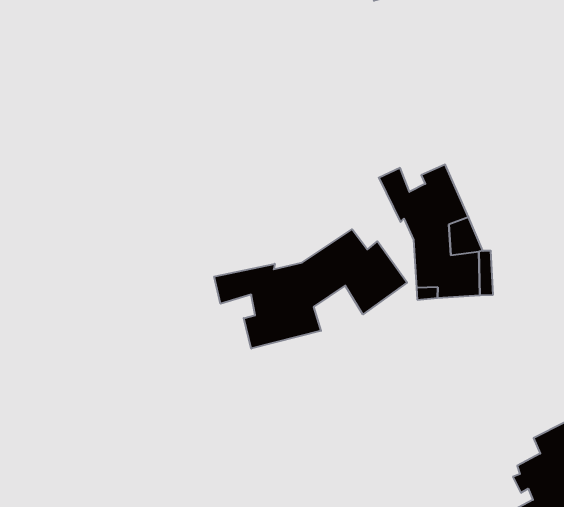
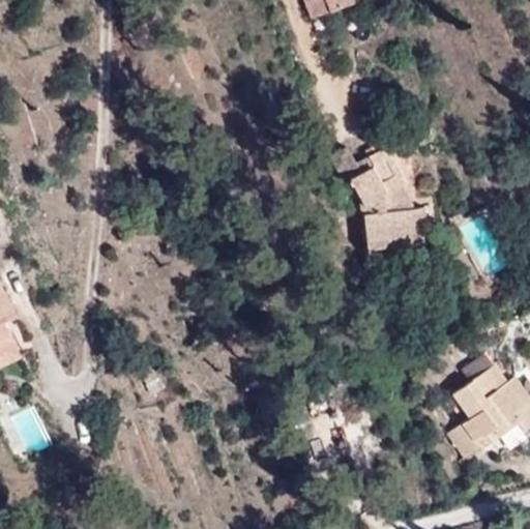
building: [214,229,407,349] -> none

